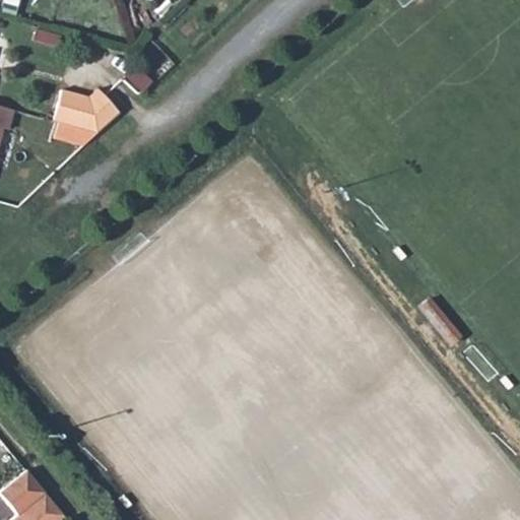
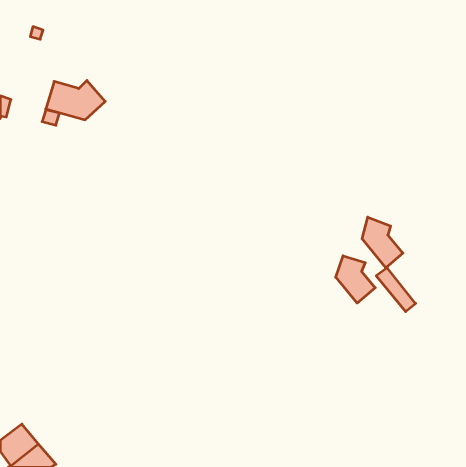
building: none -> [362,217,403,268]
building: none -> [336,256,375,303]

